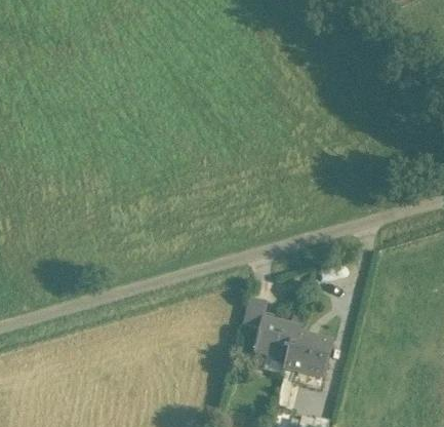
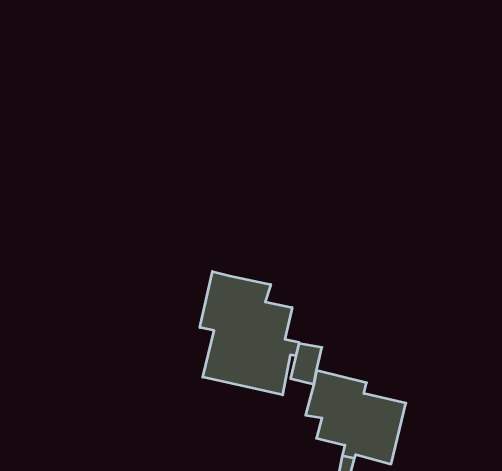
building: none -> [200,271,299,395]

